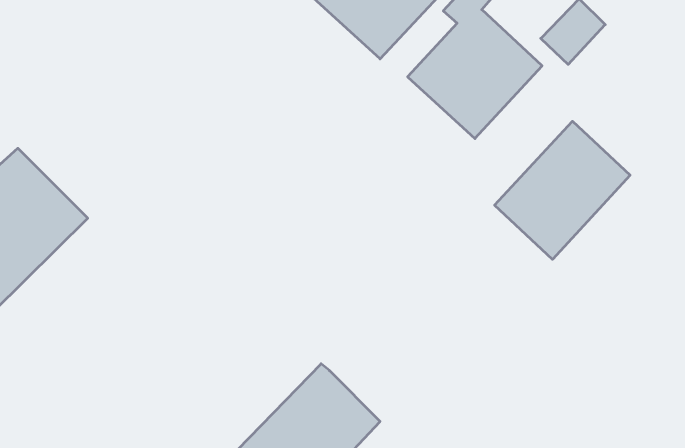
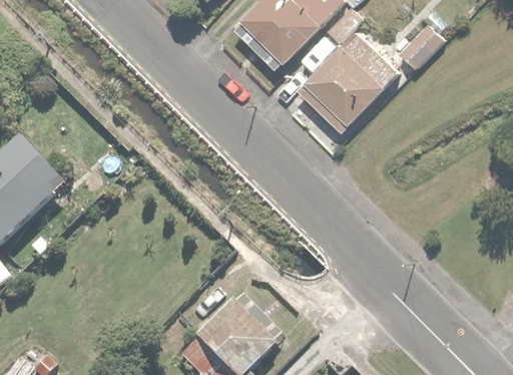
building: [495,121,630,259] -> none

